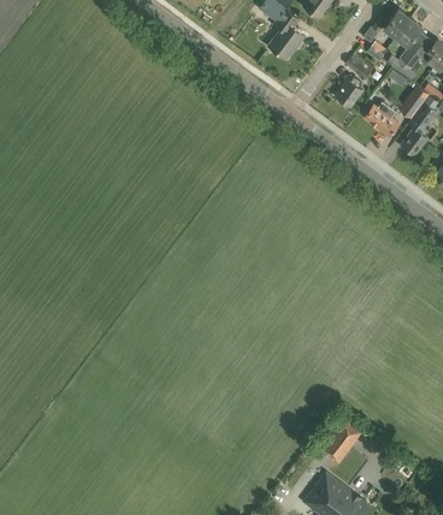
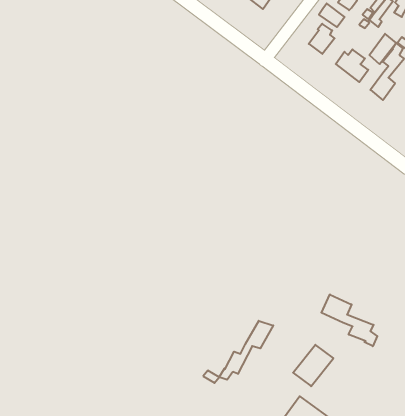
building: none -> [321,294,377,346]
building: none -> [219,321,273,380]

